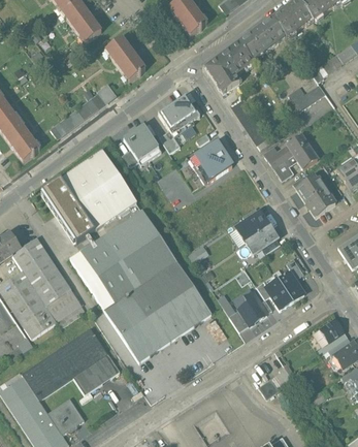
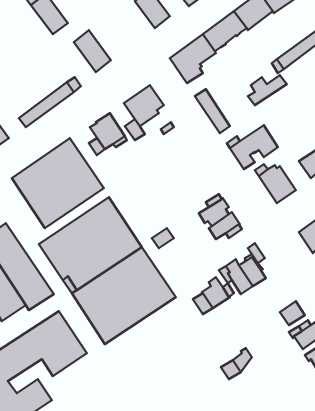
building: [189,140,232,183] -> none

